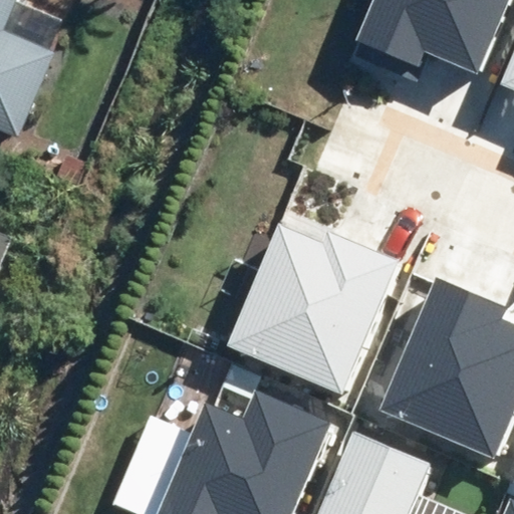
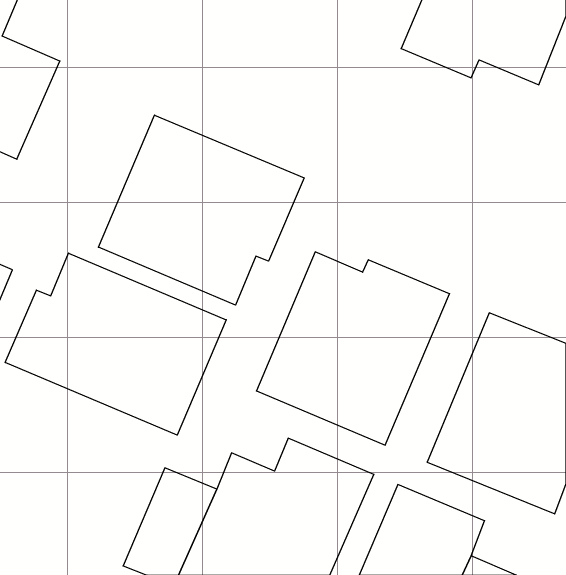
building: none -> [98,115,304,305]
building: none -> [5,253,226,435]

